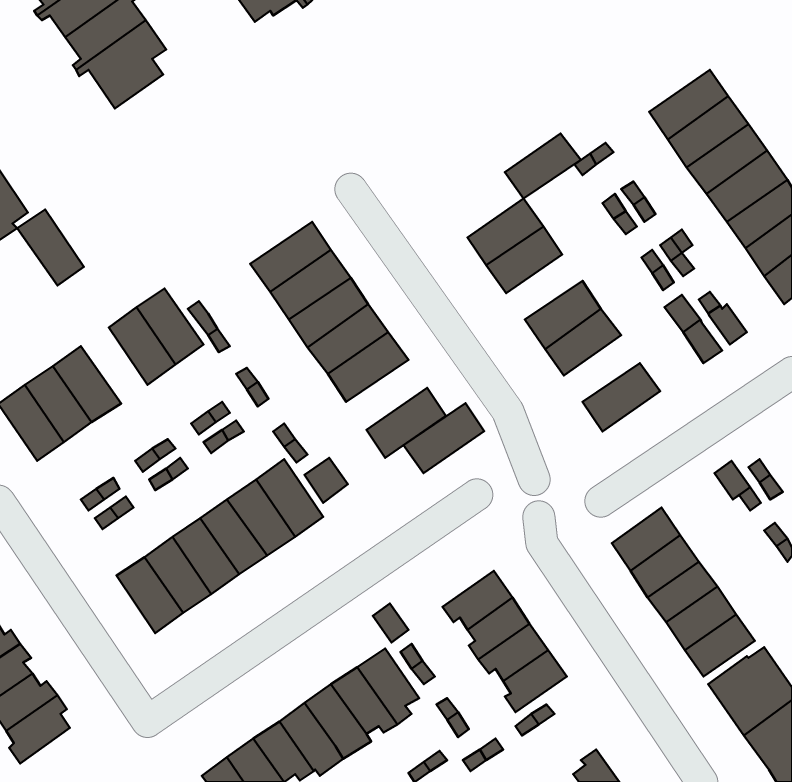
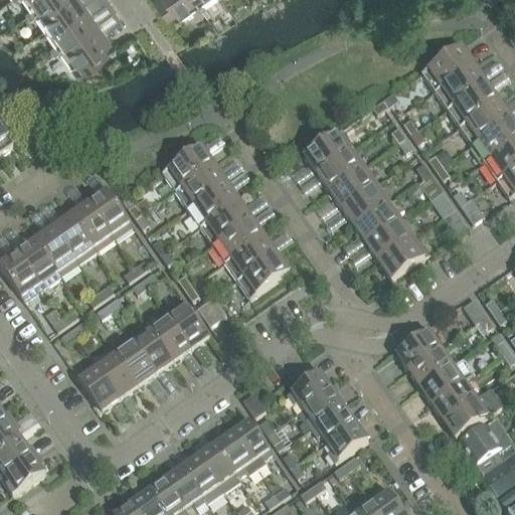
building: [505,133,581,199] -> [328,165,377,207]
building: [17,209,84,285] -> [52,212,96,262]
building: none -> [365,217,414,261]
building: [403,403,484,473] -> [224,233,277,279]

